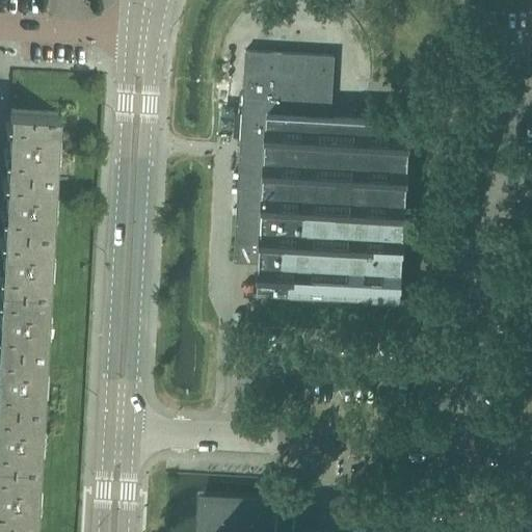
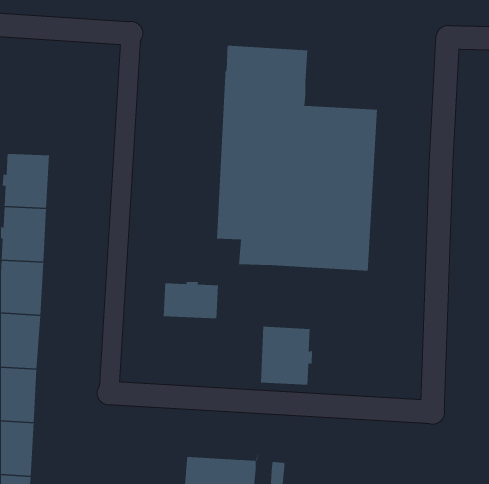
building: [5,112,57,174] -> none
building: none -> [163,281,219,319]
building: none -> [260,326,313,386]

